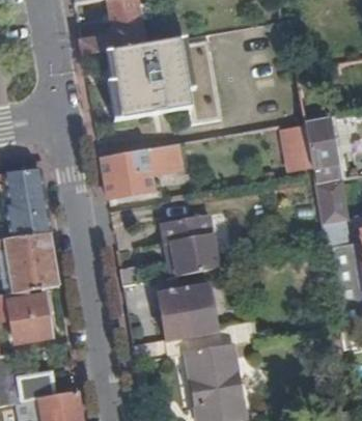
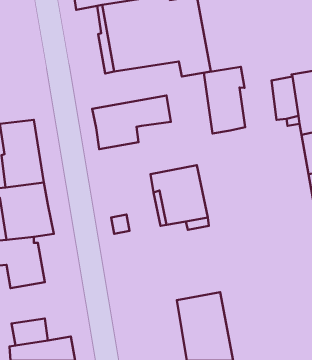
building: none -> [204,67,245,133]
building: [133,284,258,362] -> none

